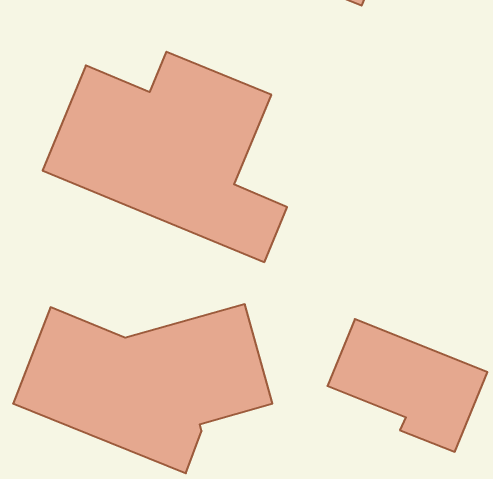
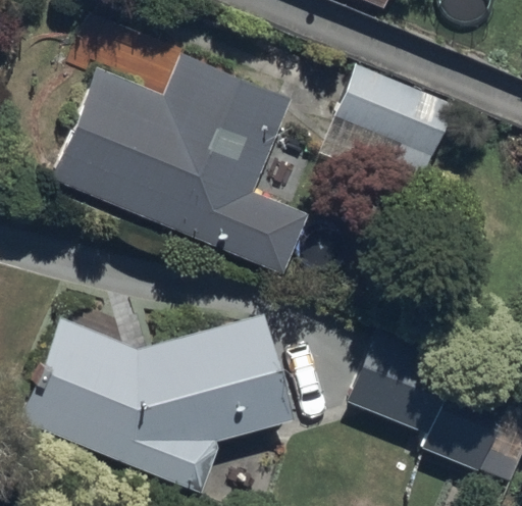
building: none -> [336,66,455,157]

